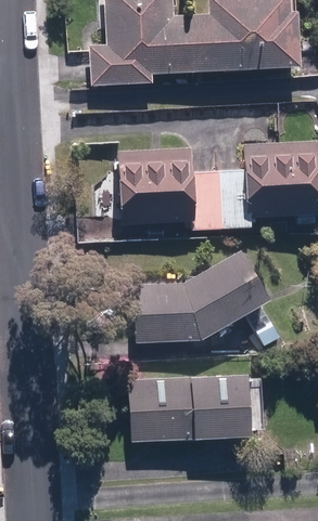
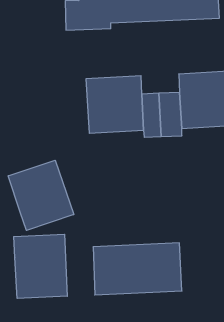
building: [135,250,268,342] -> none
building: none -> [8,160,74,230]
building: none -> [14,234,67,298]

